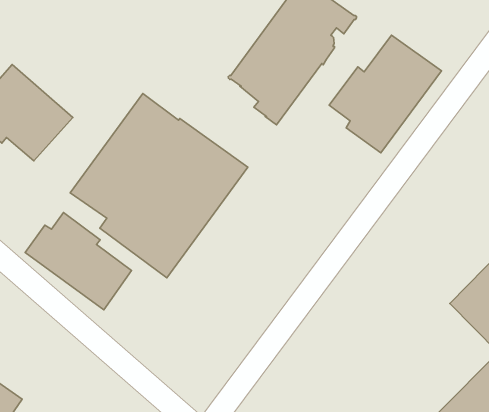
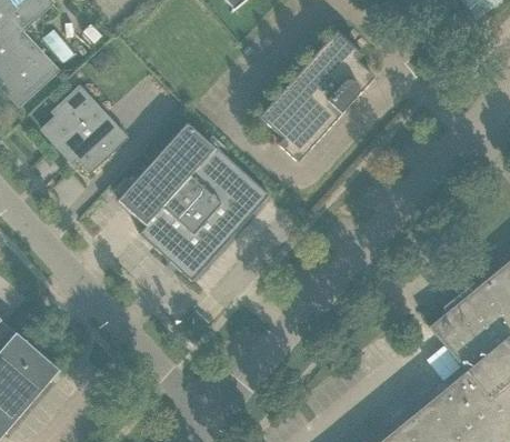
building: [329,35,441,153] -> none
building: [25,213,131,310] -> none

